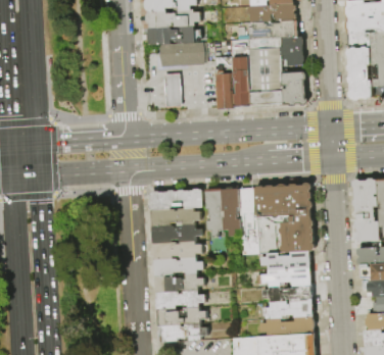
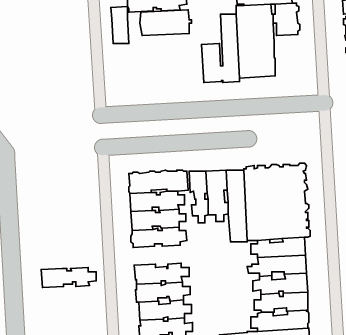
building: [282,71,308,106] -> none
building: [164,73,181,107] -> [111,6,129,43]
building: [153,257,203,275] -> [41,267,96,288]

